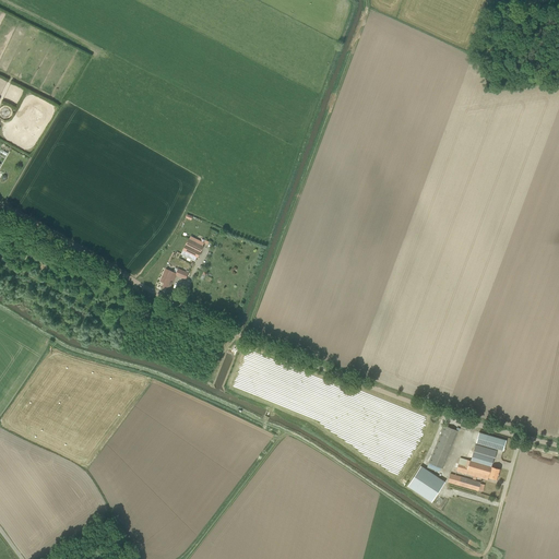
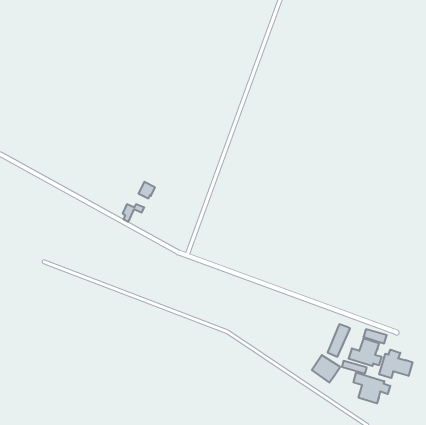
building: none -> [379,350,413,378]
building: none -> [353,372,390,403]

